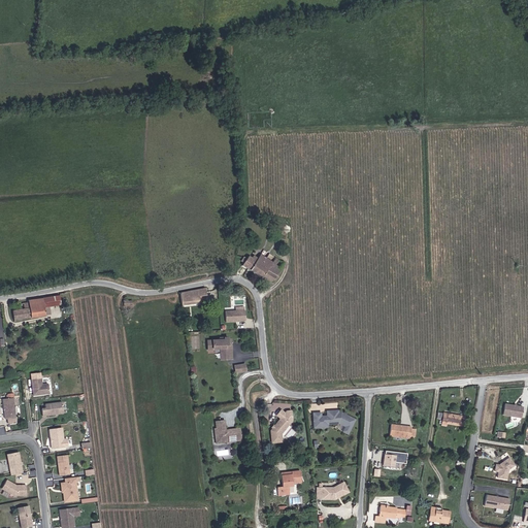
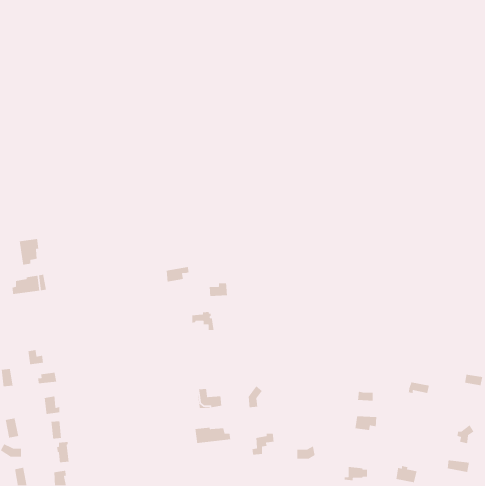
building: [242,253,282,282] -> none
building: none -> [19,238,39,265]
building: [314,408,356,433] -> none
building: none -> [194,427,231,444]

